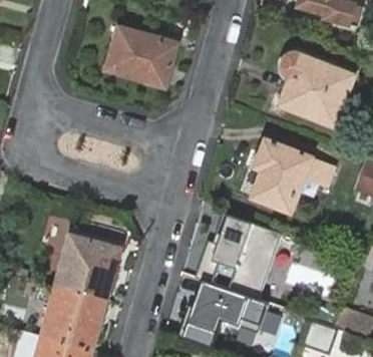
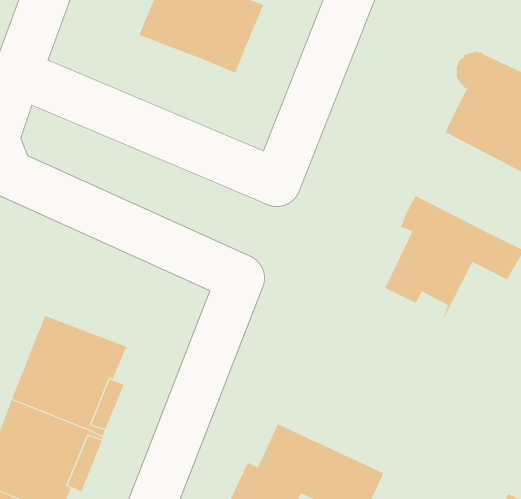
building: [199,216,285,299] -> none

